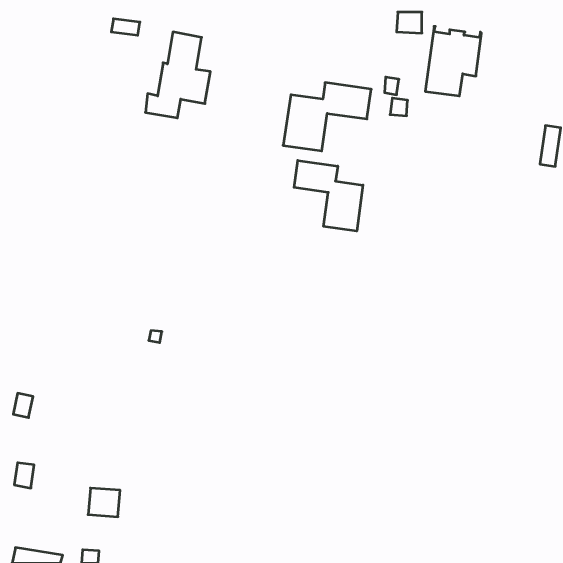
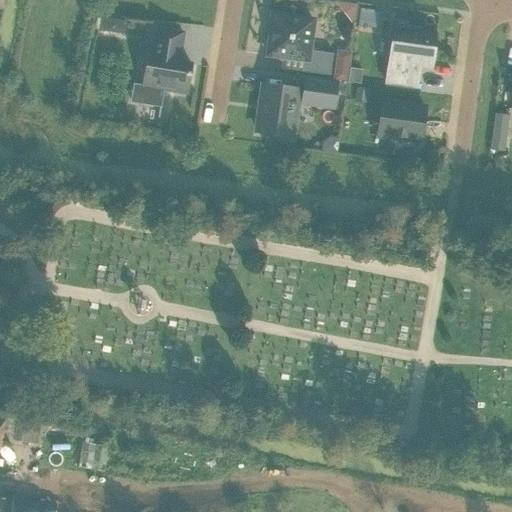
building: none -> [268,13,333,76]
building: none -> [377,103,426,141]
building: [294,160,363,231] -> none

